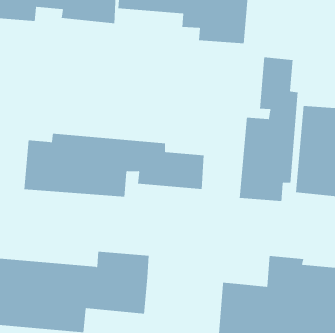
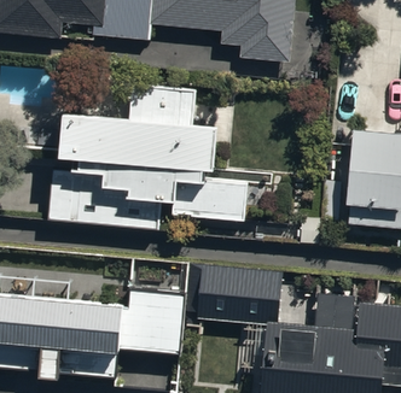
building: [239,57,298,202] -> none
building: none -> [59,84,217,171]
building: none -> [185,263,283,324]

